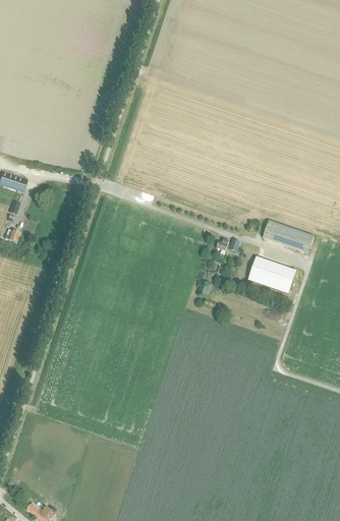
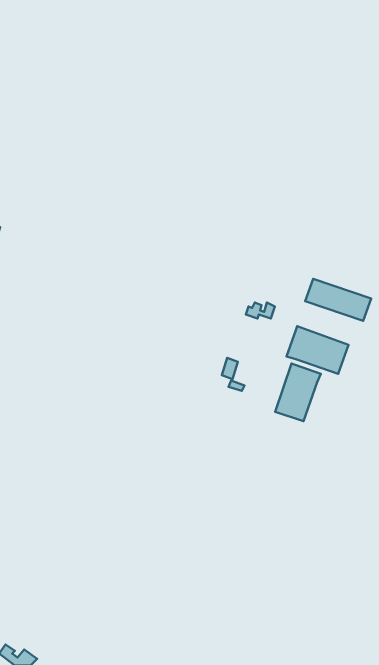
building: none -> [275,364,321,421]

